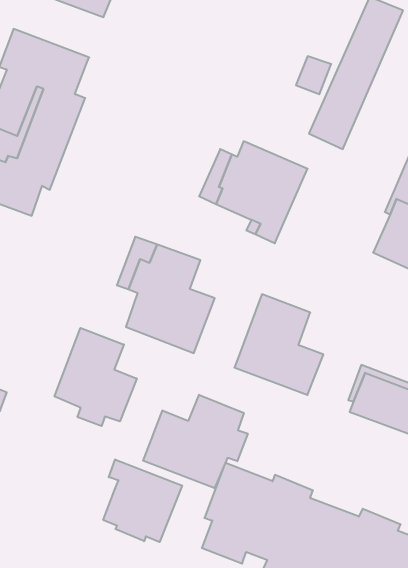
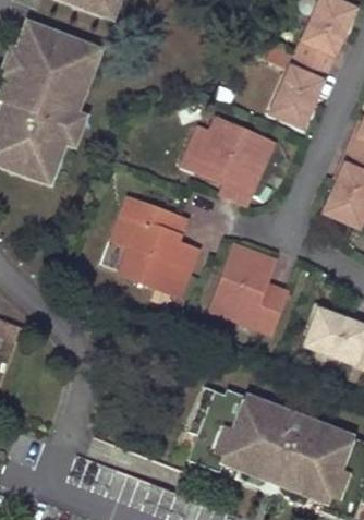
building: [55,328,137,426] -> none
building: [143,395,248,488] -> none
building: [103,459,182,542] -> none

